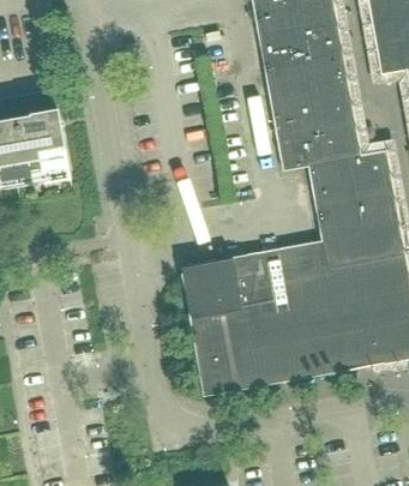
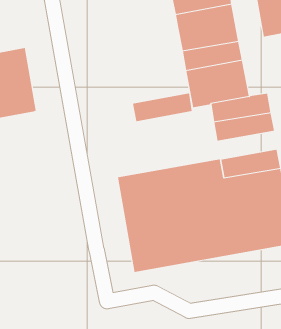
building: [317,202,399,241] -> [132,93,192,122]

